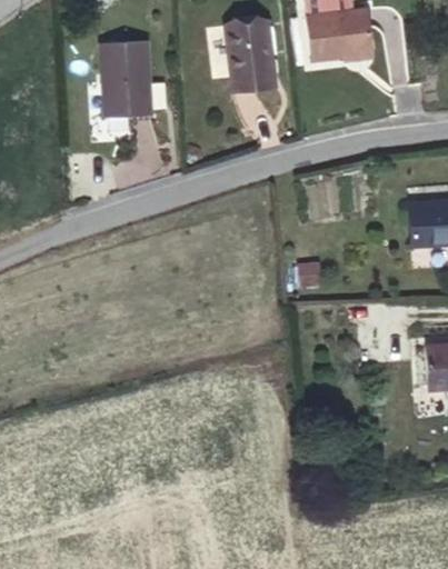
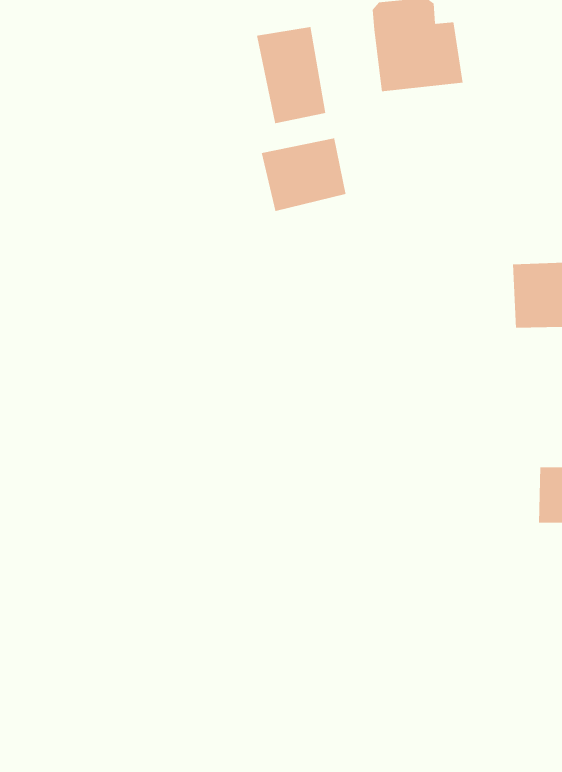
building: [106,39,151,119] -> none
building: none -> [261,138,346,212]

